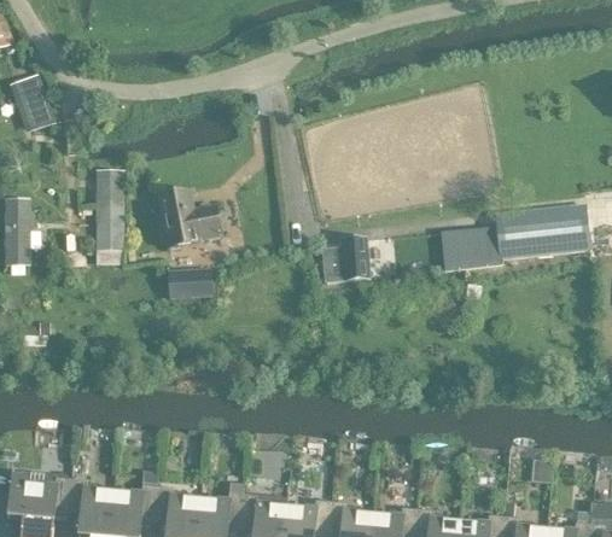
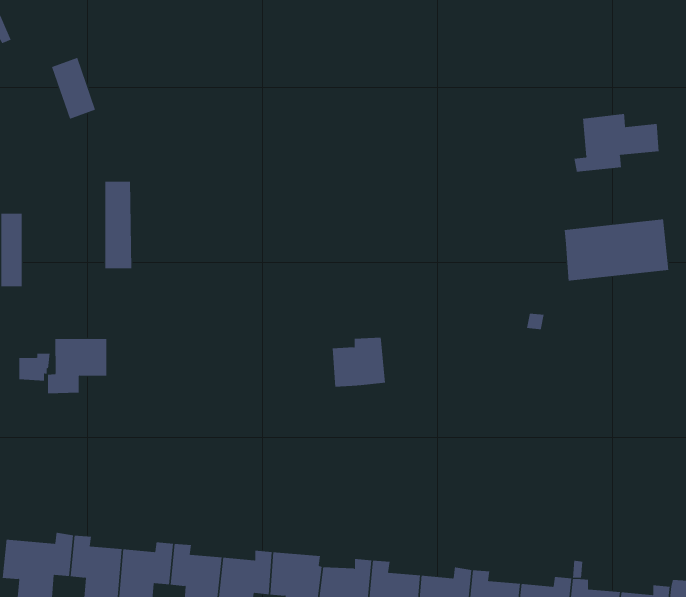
building: [13,74,52,128] -> [51,57,96,120]
building: none -> [574,113,659,173]
building: [157,189,220,247] -> none
building: [441,226,500,269] -> none
building: [321,238,368,281] -> [332,337,386,387]
building: [165,268,211,298] -> none
building: none -> [48,338,107,394]

